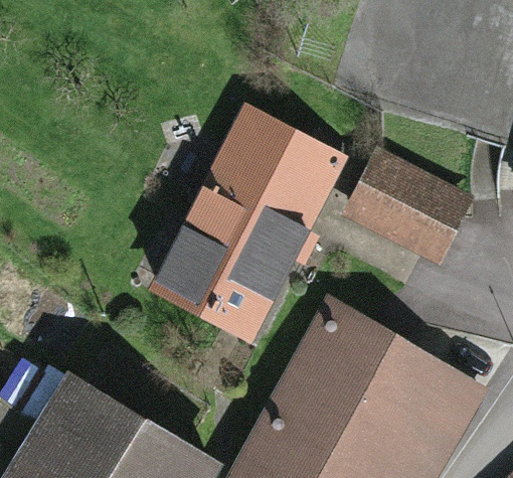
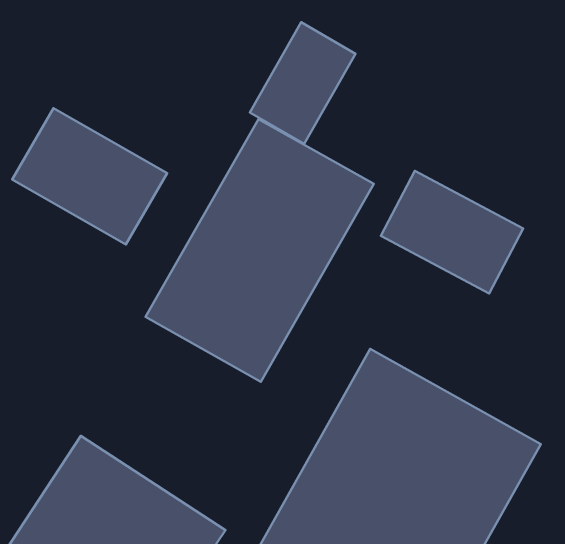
building: none -> [250,22,356,144]
building: none -> [12,108,167,245]

